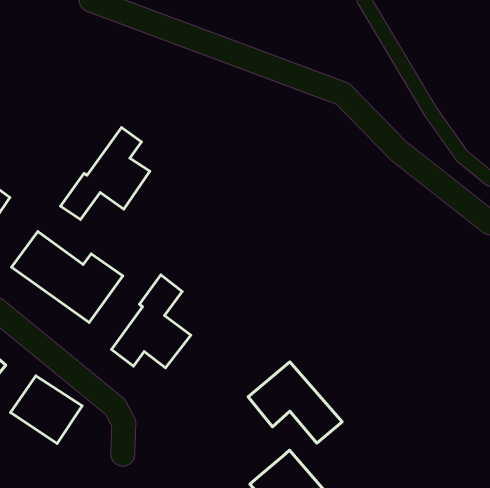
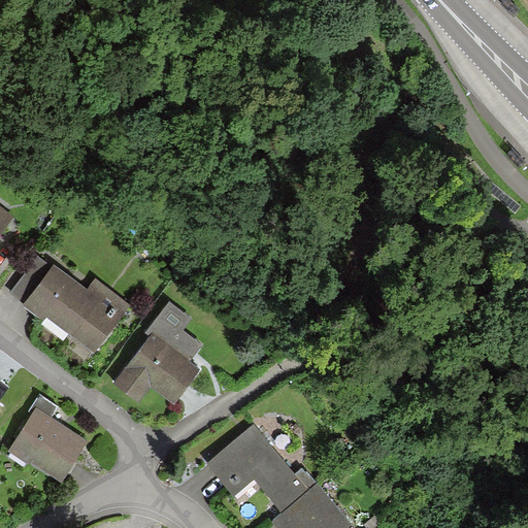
building: [61,127,150,220] -> none
building: [248,362,342,443] -> [201,429,301,516]

